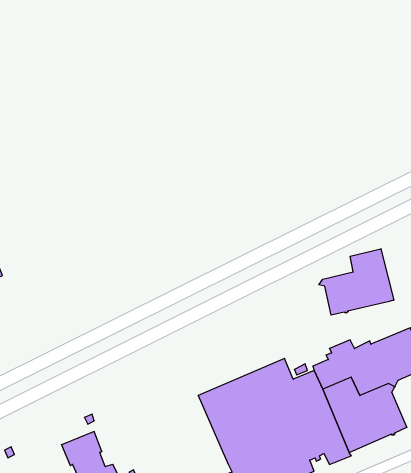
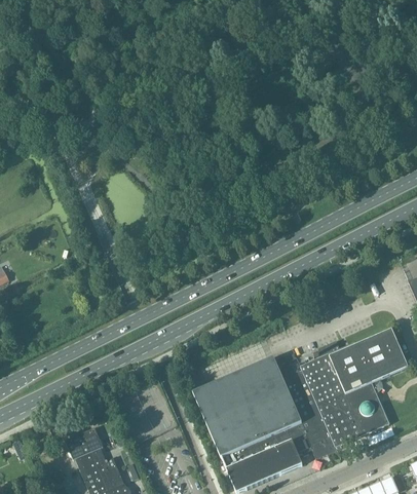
building: [319,249,394,315] -> none

